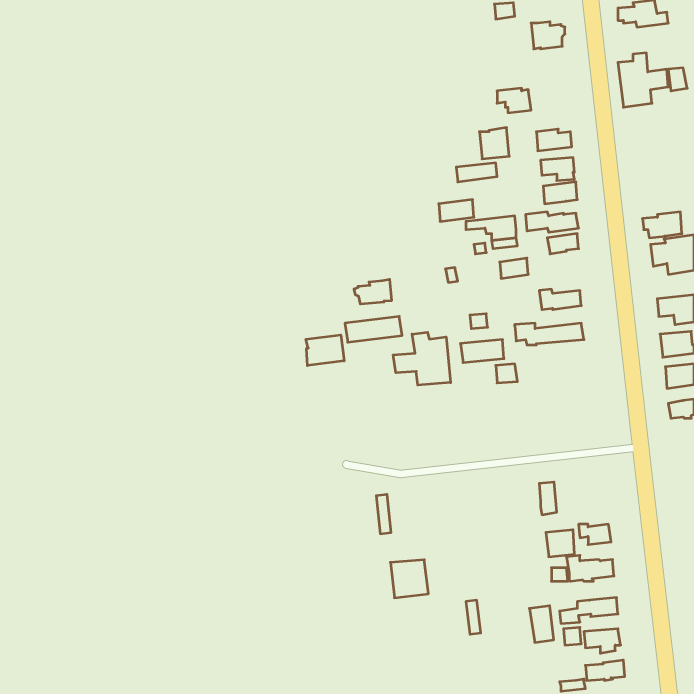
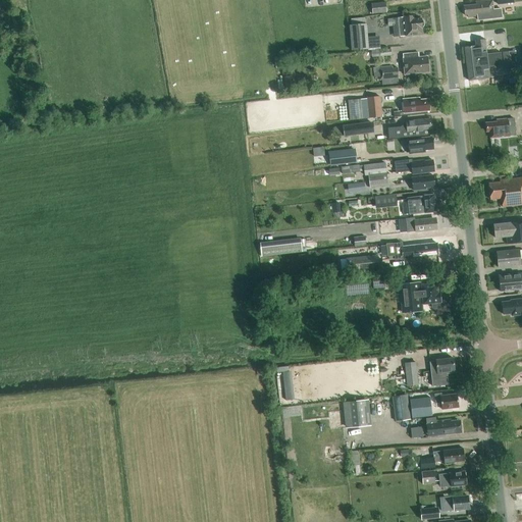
building: none -> [349,23,368,51]
building: none -> [403,53,429,74]
building: [642,212,682,238] -> [485,118,515,138]
building: none -> [407,195,436,215]
building: [354,279,391,304] -> none
building: [393,332,451,385] -> none
building: [306,335,344,366] -> none
building: none -> [399,282,440,313]
building: none -> [429,358,455,385]
building: [390,560,428,598] -> [342,401,370,429]
building: [529,606,554,642] -> [392,395,410,422]

